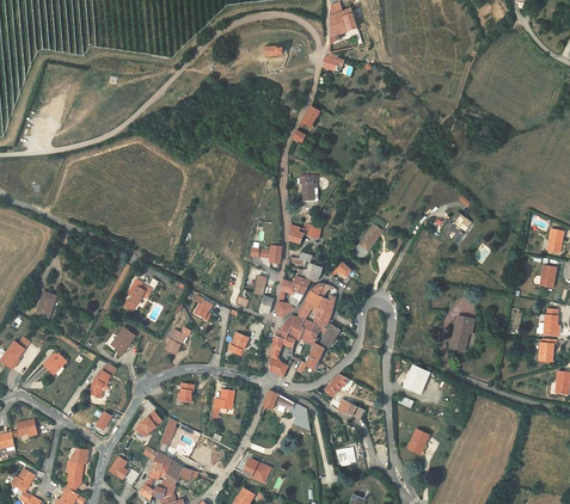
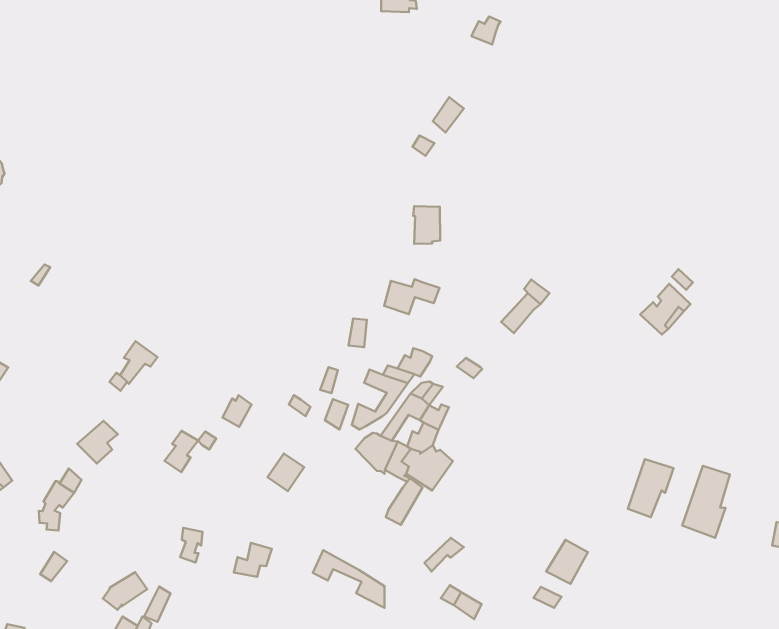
building: none -> [682,466,730,538]
building: [266,326,293,374] -> none

